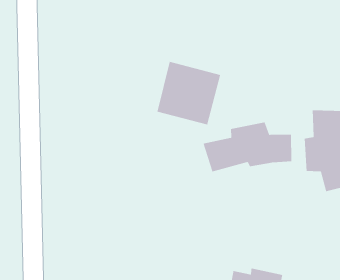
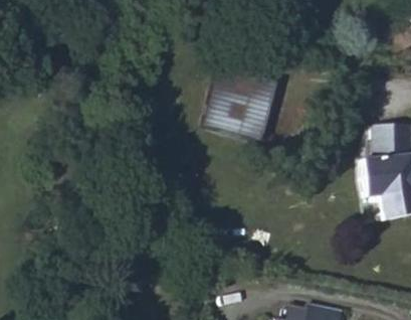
building: [202,122,292,172] -> none

